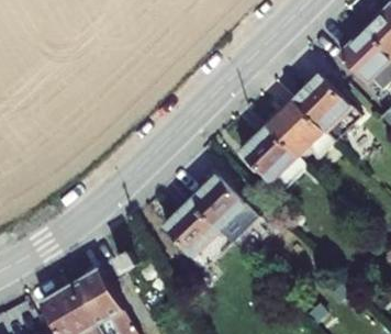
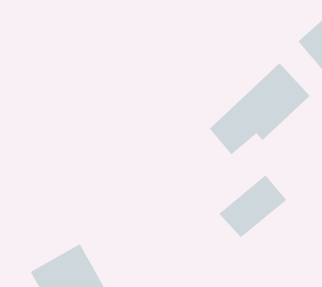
building: [172,181,247,250] -> [219,175,287,238]

